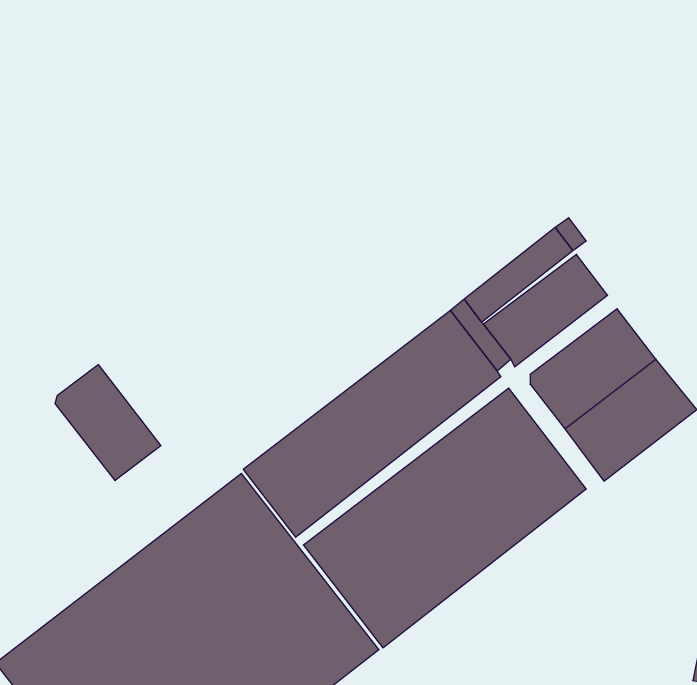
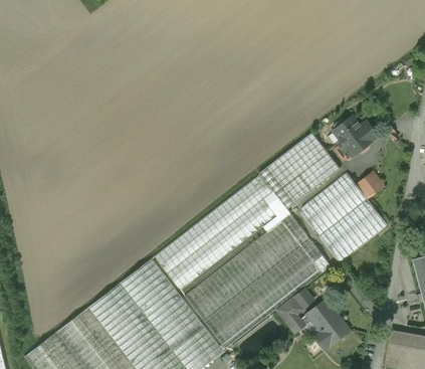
building: none -> [333,117,377,156]
building: none -> [355,168,383,196]
building: [55,365,161,481] -> none
building: none -> [276,289,349,350]

